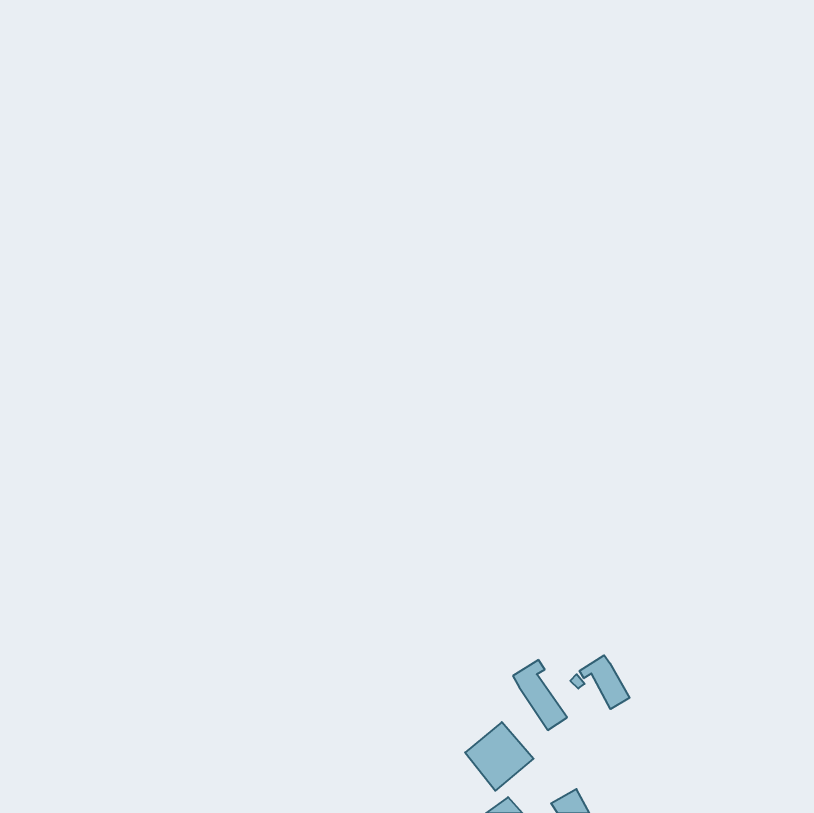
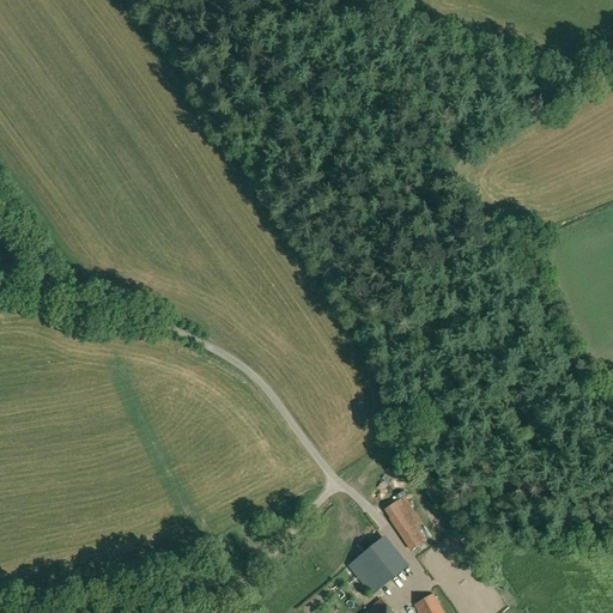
building: [580,655,630,709] -> none

